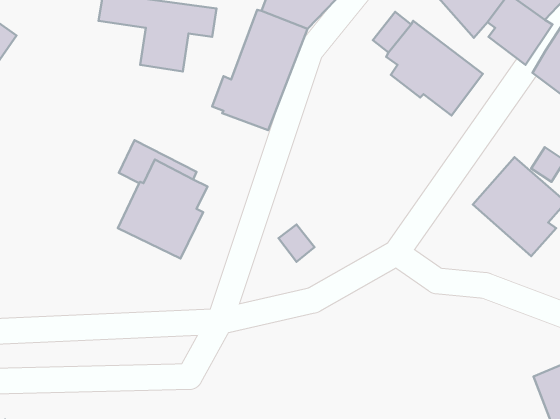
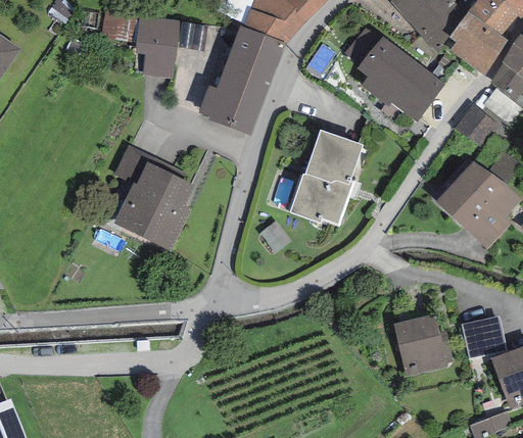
building: none -> [455,103,500,148]
building: none -> [288,130,363,226]
building: none -> [393,312,451,376]
building: none -> [461,315,507,358]

